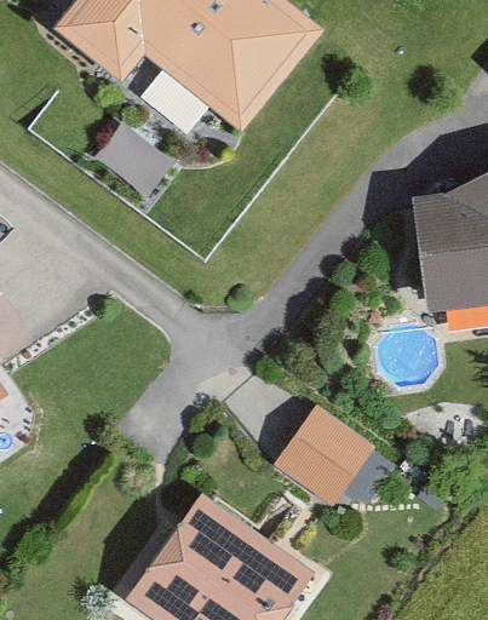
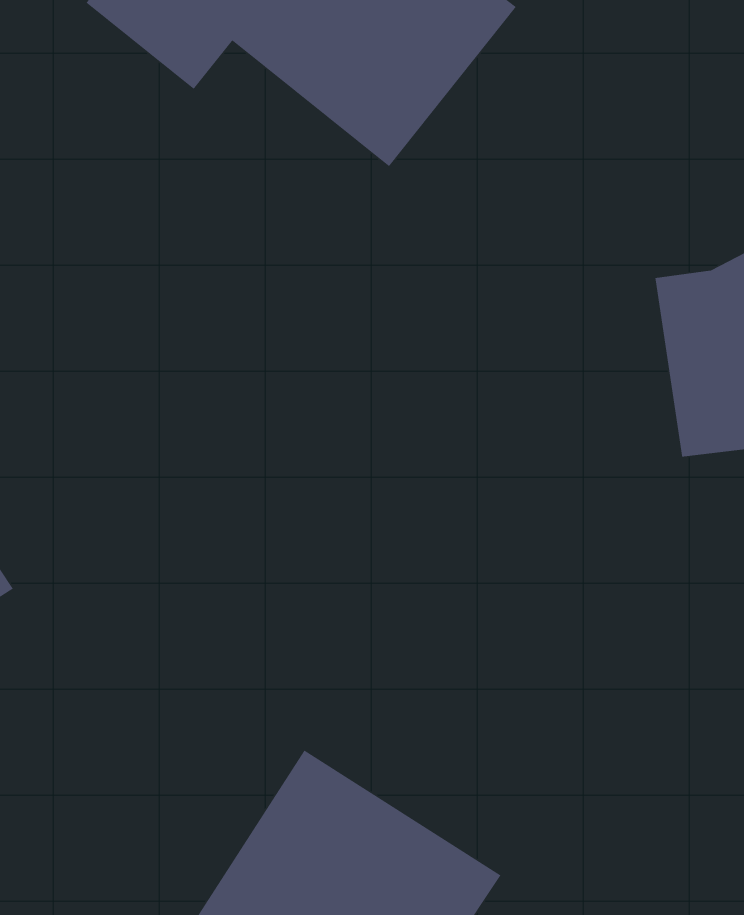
building: [276,406,375,505] -> none

